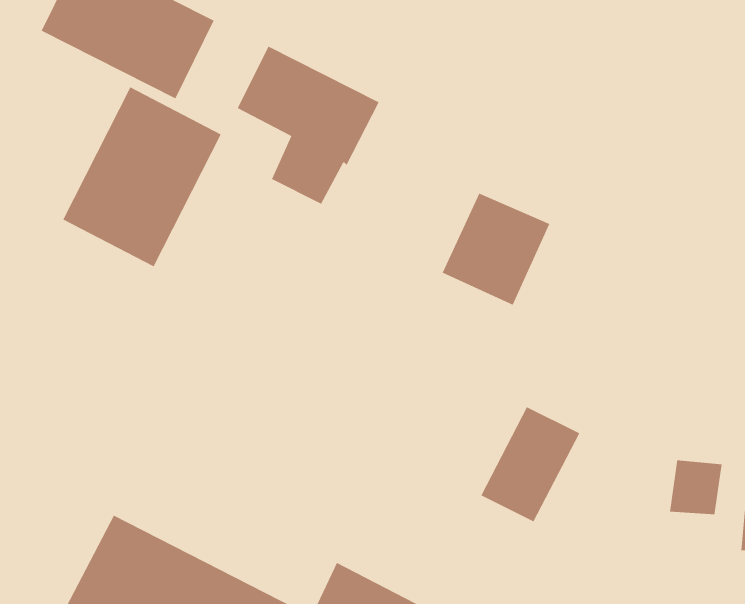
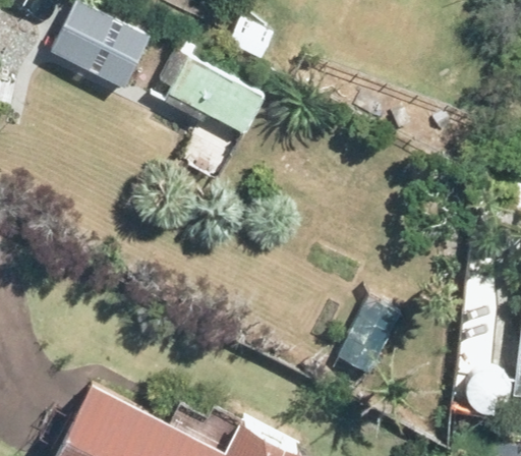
building: [63,87,221,267] -> none

